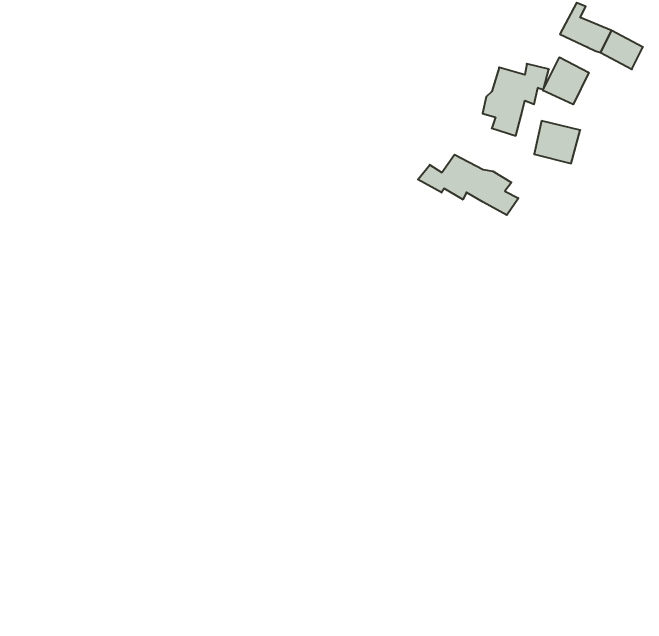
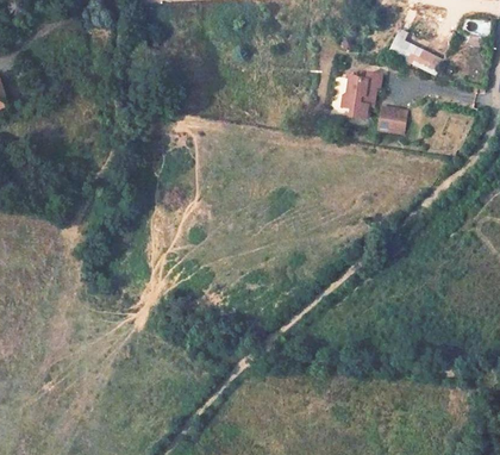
building: [543,57,589,104] -> none
building: [418,155,518,215] -> none

